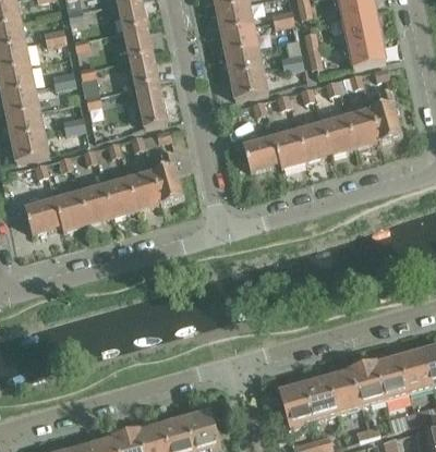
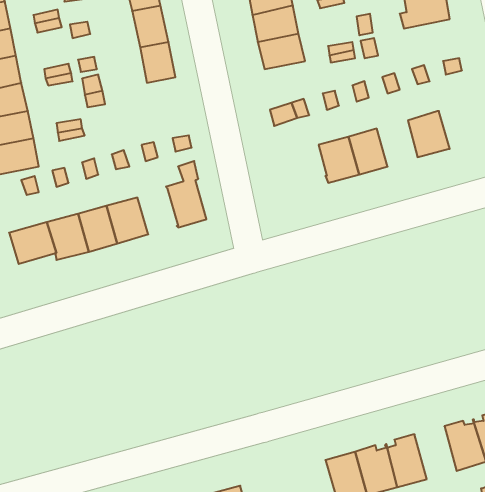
building: [342,35,385,66] -> none
building: [230,69,267,98] -> none
building: [135,82,167,126] -> none
building: [370,88,401,141] -> none
building: [320,117,353,154] -> none
building: [243,136,280,170] -> none
building: [128,171,160,208] -> none
building: [350,361,385,405] -> none

